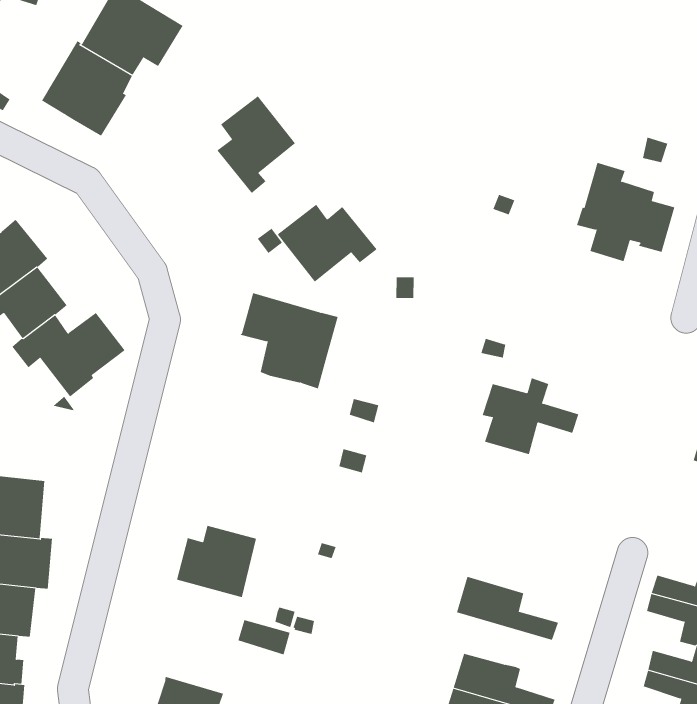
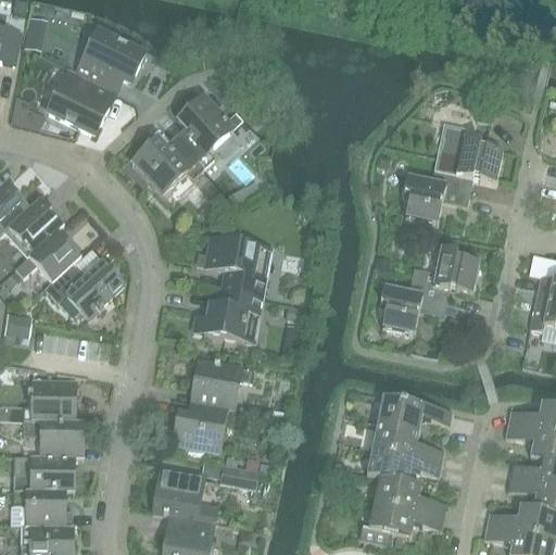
building: [277,204,378,283] -> [132,137,204,192]
building: none -> [403,168,470,223]
building: none -> [412,244,480,301]
building: none -> [204,290,263,338]
building: none -> [192,357,254,408]
building: none -> [378,395,453,430]
building: none -> [154,464,216,518]
building: none -> [367,447,442,481]

